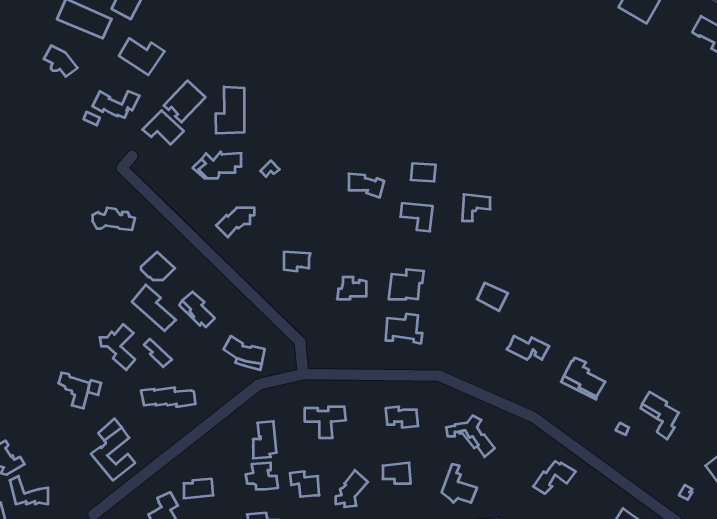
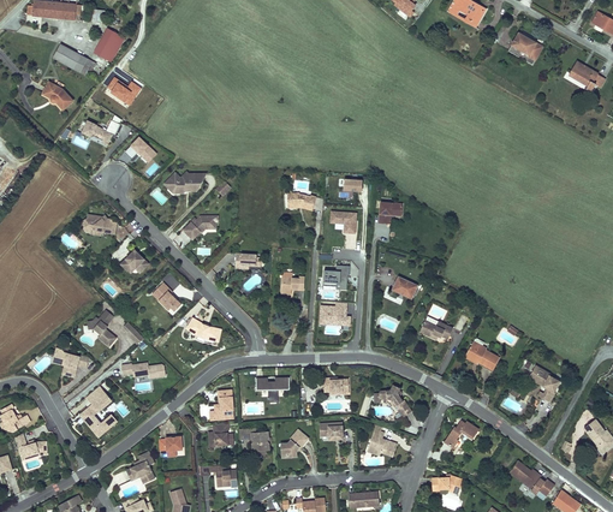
building: [164,81,205,122] -> none
building: [216,87,244,133] -> none
building: [132,285,176,331] -> none

